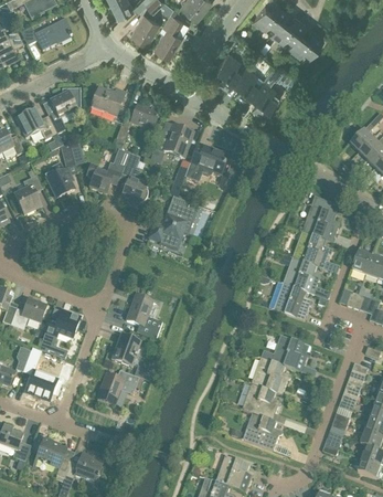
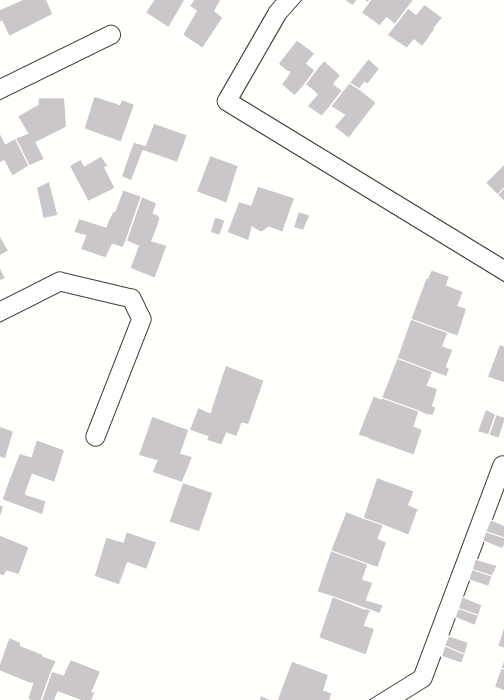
building: [44,167,74,197] -> [69,156,115,202]
building: [148,193,196,245] -> [189,365,264,445]
building: [111,332,140,364] -> [169,483,213,532]

